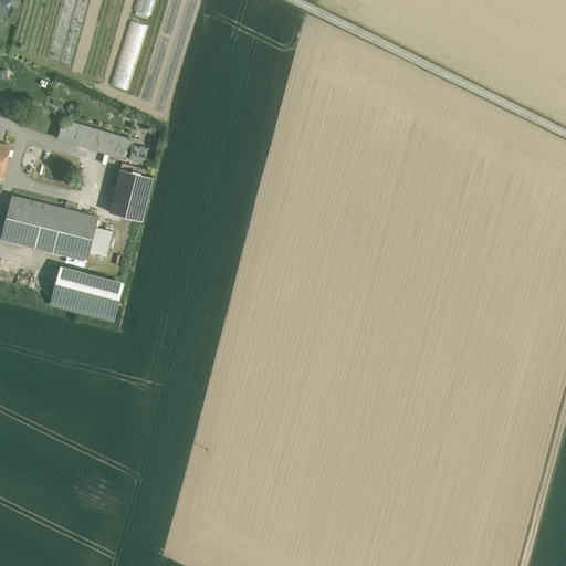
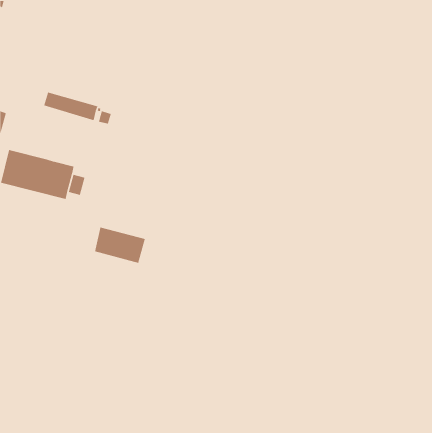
building: [108,168,153,220] -> none
building: [52,270,119,318] -> [94,227,146,264]

